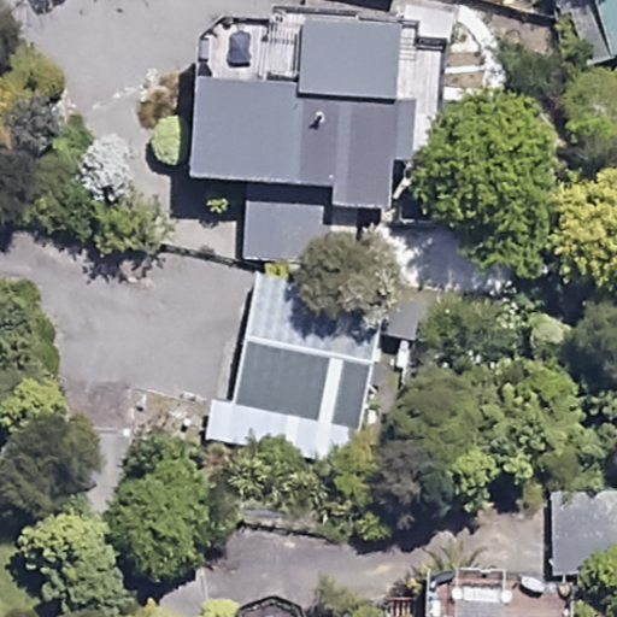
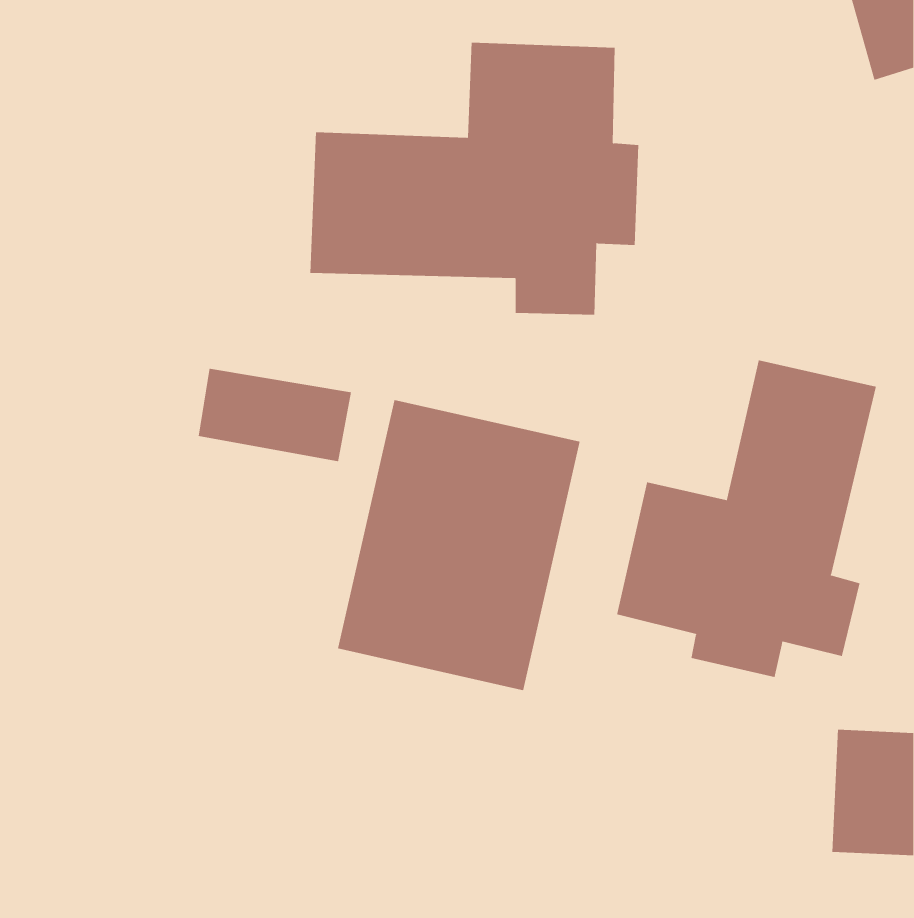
building: none -> [616,360,876,678]

